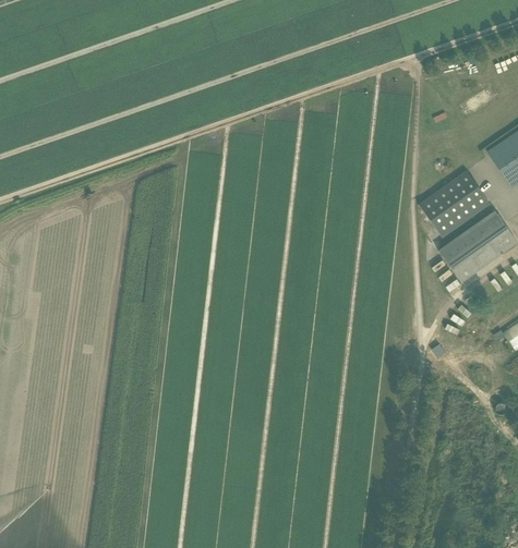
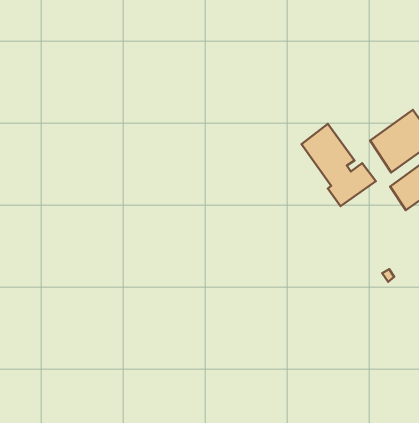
building: none -> [301,124,376,206]

